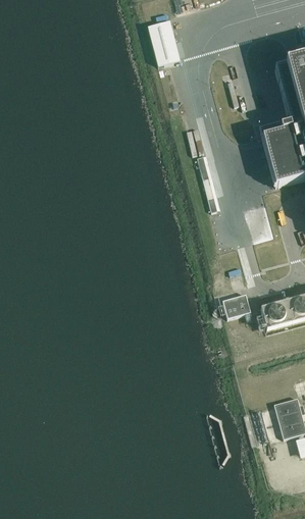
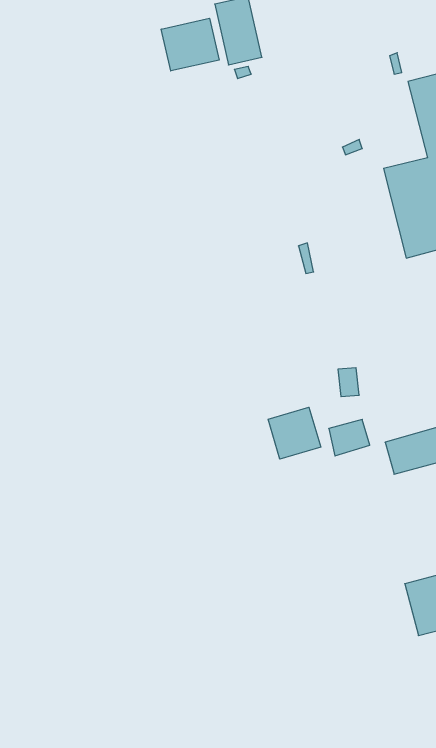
building: none -> [161,18,219,71]
building: none -> [268,407,321,459]

